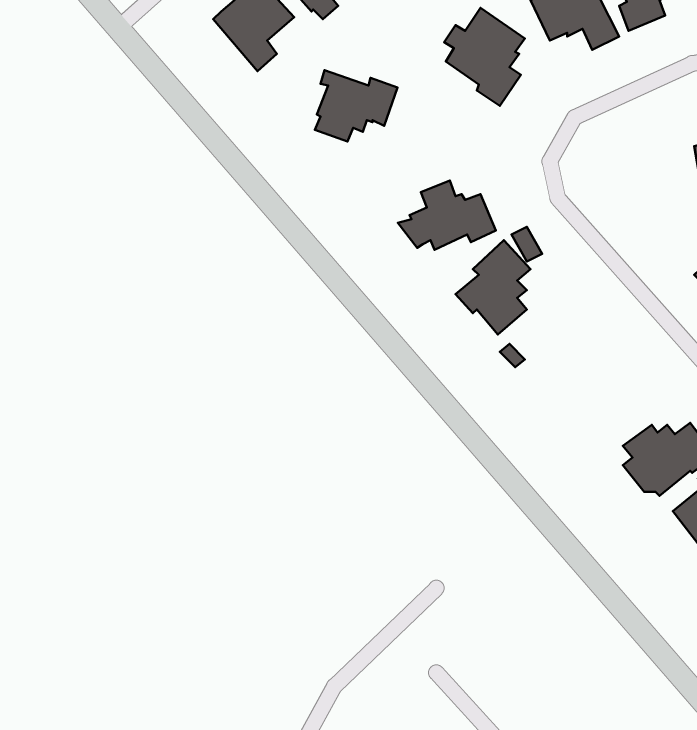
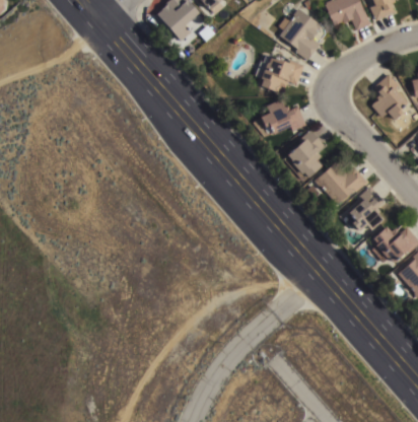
building: [315,70,397,141] -> [260,55,303,92]
building: none -> [370,73,406,121]
building: none -> [315,162,367,205]
building: none -> [343,186,387,232]

